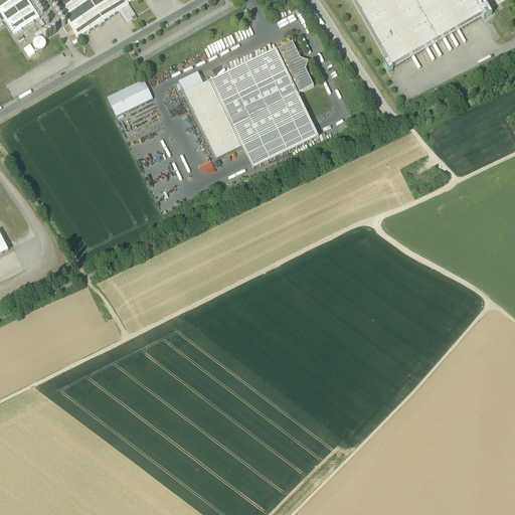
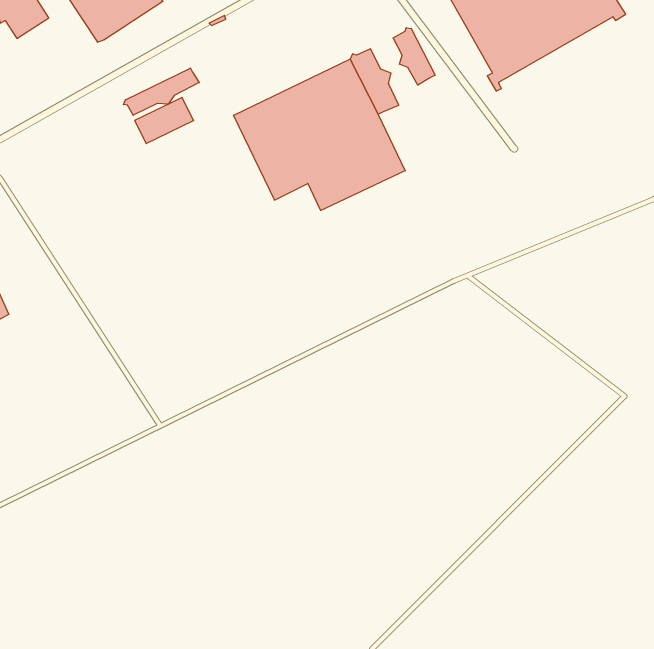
building: none -> [393,28,435,85]
building: none -> [123,68,199,115]

